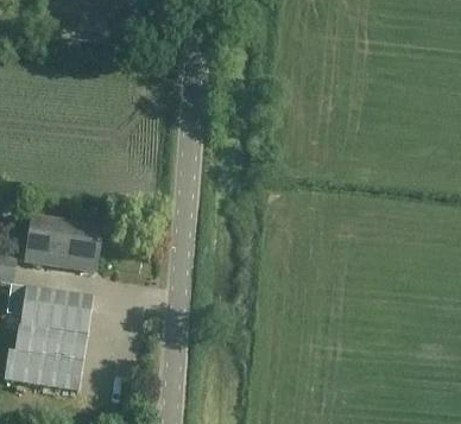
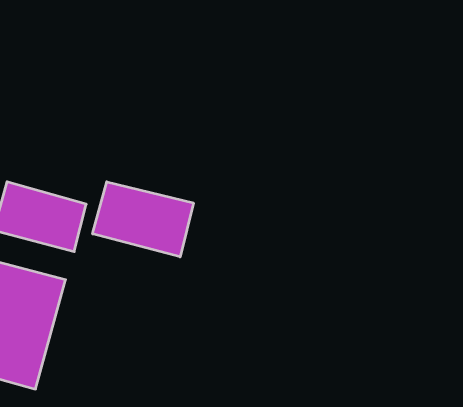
building: none -> [93,182,193,257]

